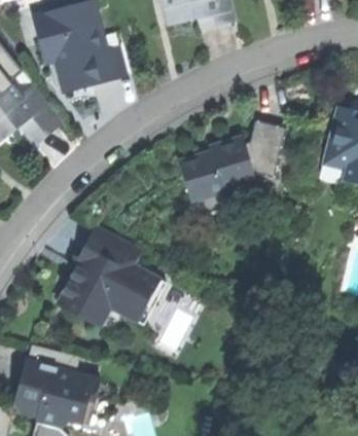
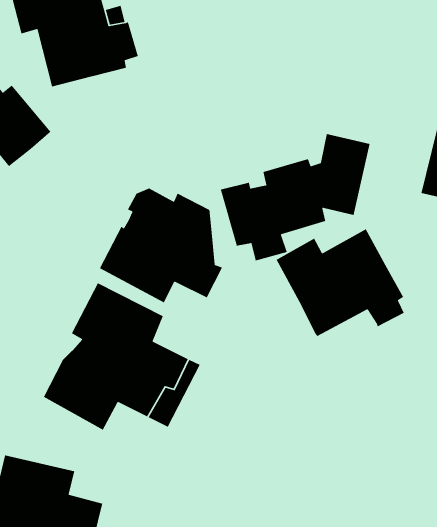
building: none -> [99,188,223,303]
building: none -> [275,228,405,337]

